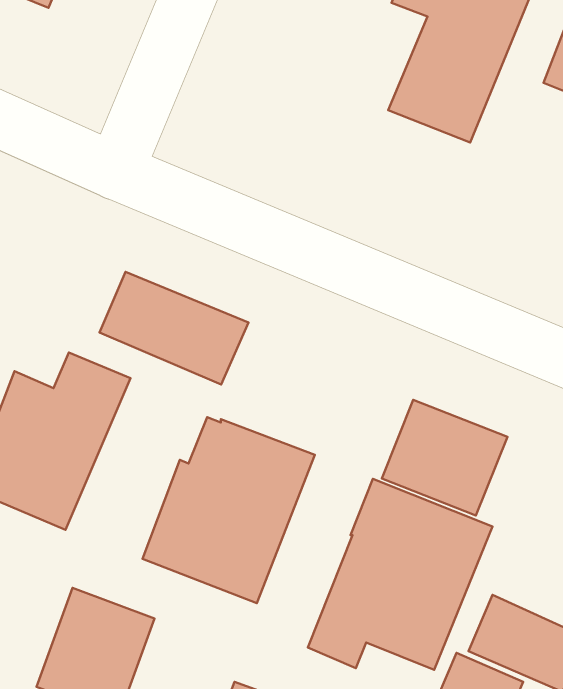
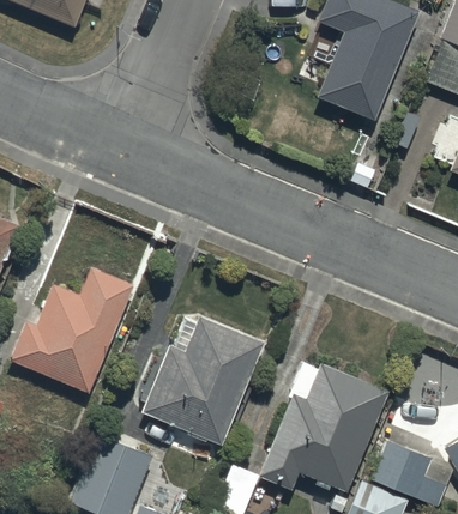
building: [100,272,248,384] -> none
building: [382,400,507,515] -> none

